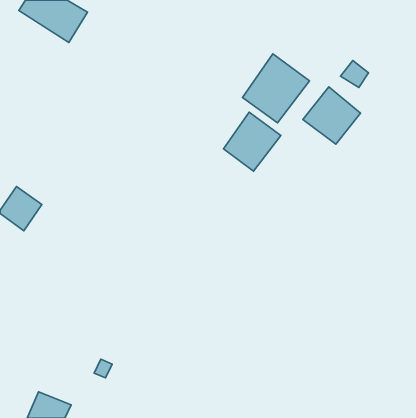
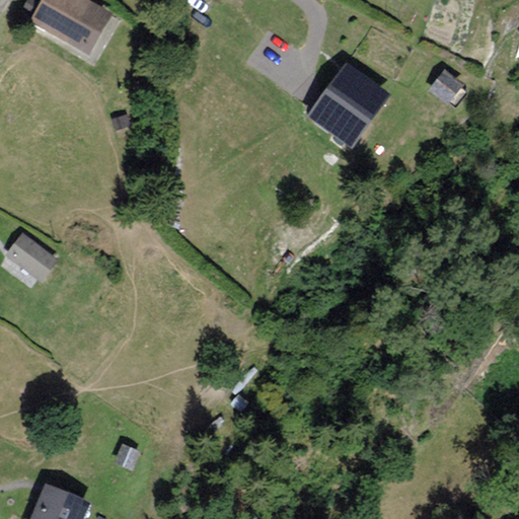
building: [303,87,361,144] -> none
building: [223,112,281,171] -> none

